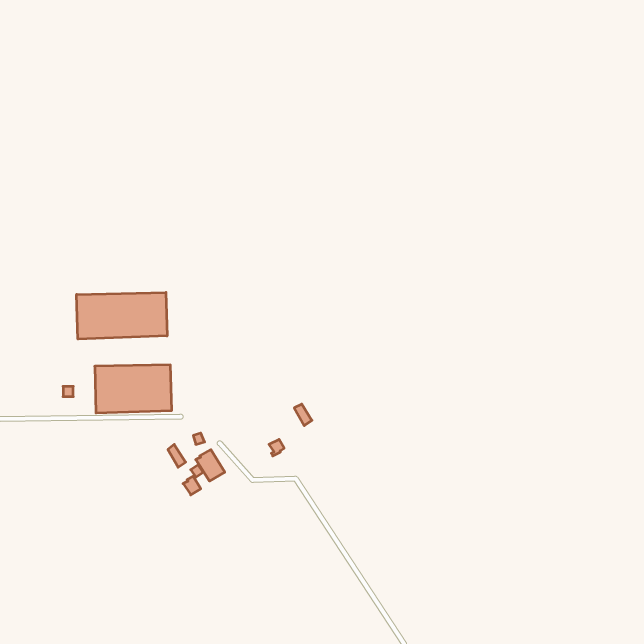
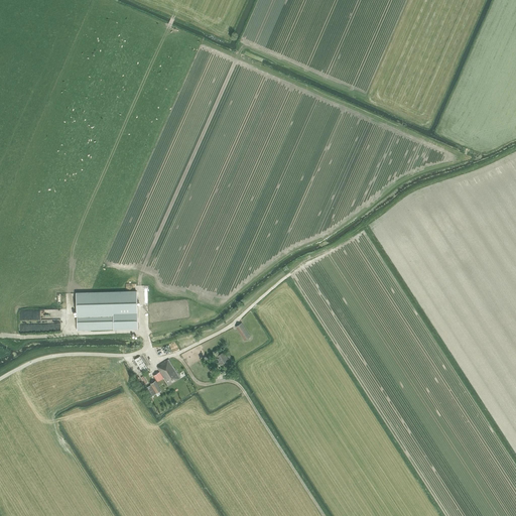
building: [77,292,167,339] -> none

